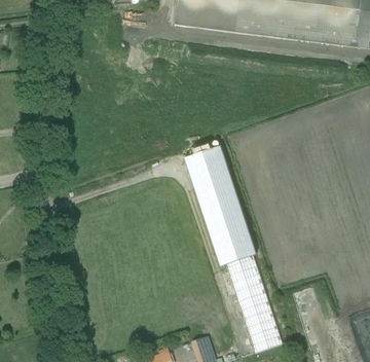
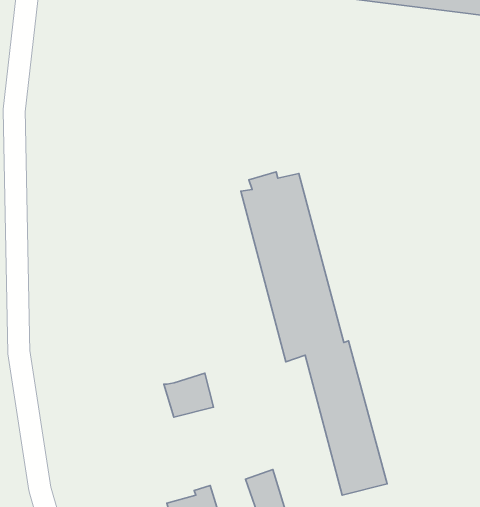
building: none -> [164,373,214,417]

